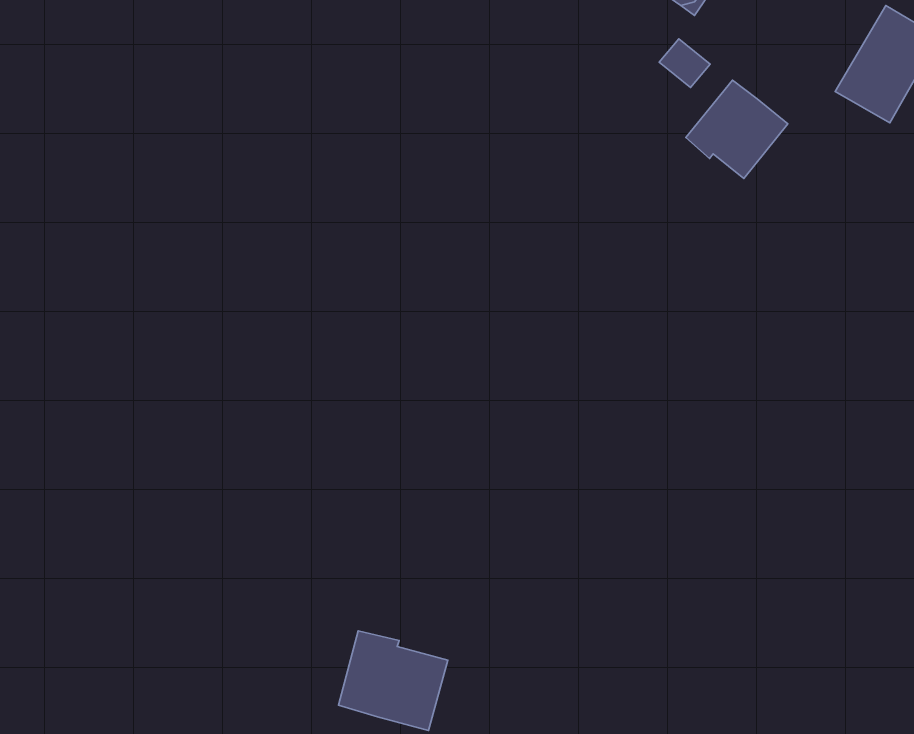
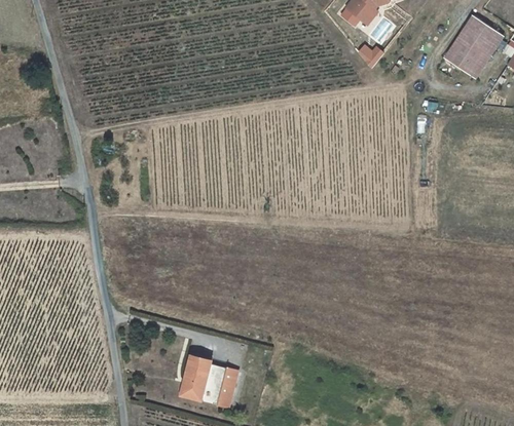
building: [686,80,788,179] -> none

